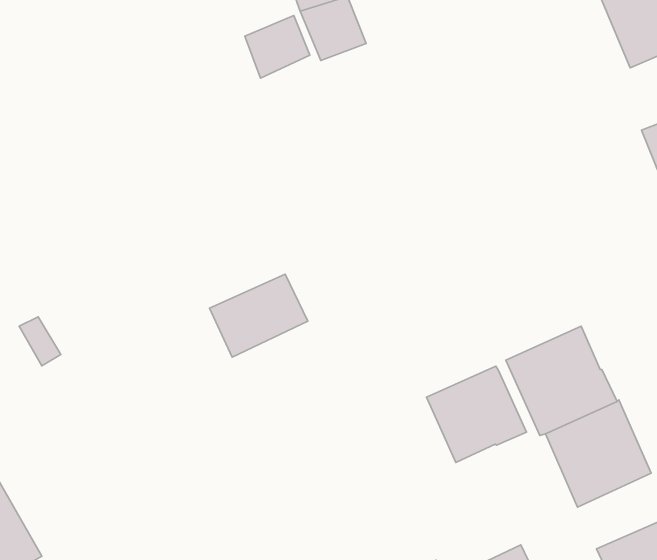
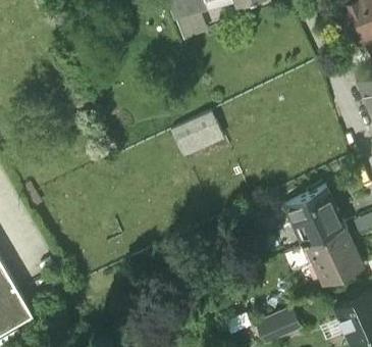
building: [245,15,310,78] -> none
building: [210,274,308,357] -> [170,111,223,156]
building: [426,366,526,462] -> none

